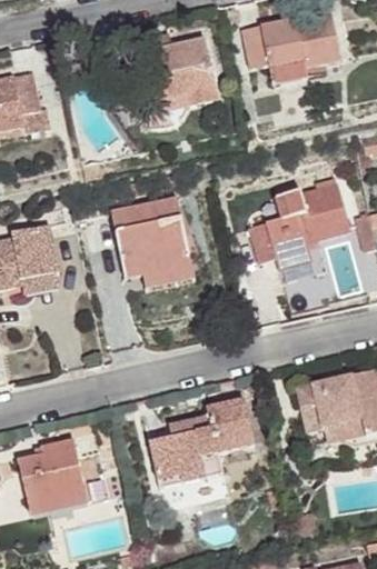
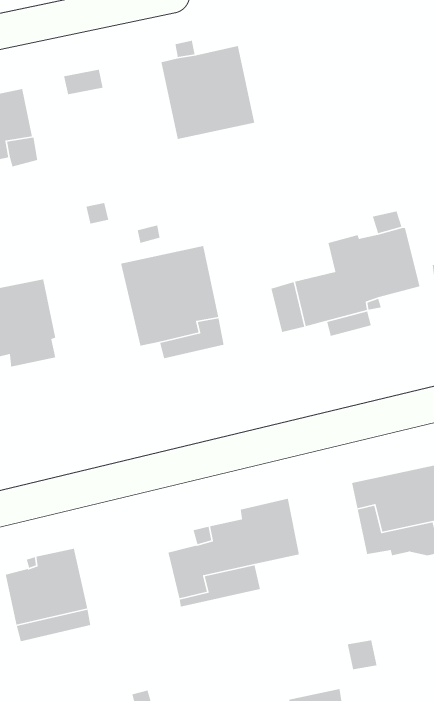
building: [240,10,340,83] -> none

